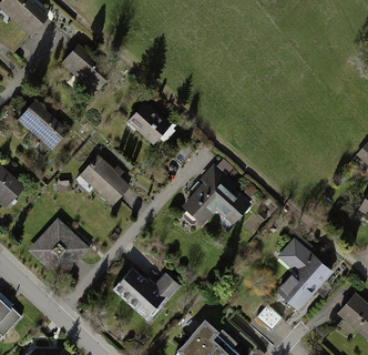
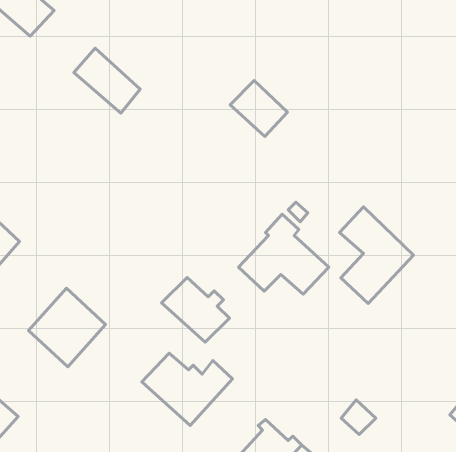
building: [19,101,68,149] -> none
building: [129,102,171,143] -> [230,81,287,136]
building: [79,155,129,203] -> [161,277,229,342]
building: [276,237,330,308] -> [339,207,413,303]

